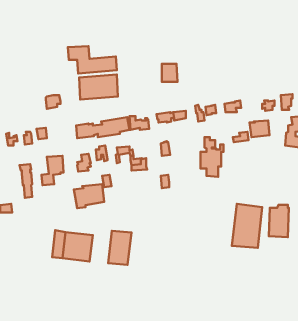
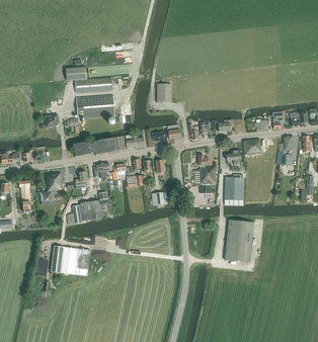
building: [269,205,289,237] -> [225,174,244,205]
building: [108,231,131,265] -> none

